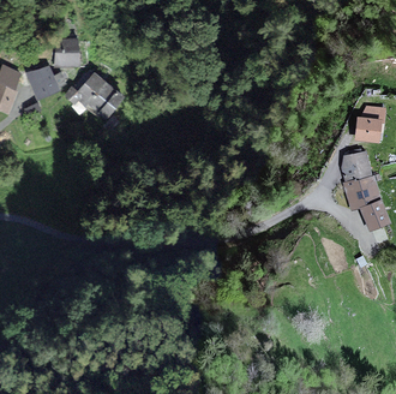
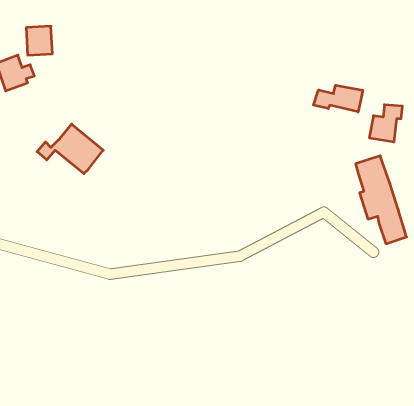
building: [65,72,122,115] -> [37,124,103,174]
building: none -> [313,85,363,112]

